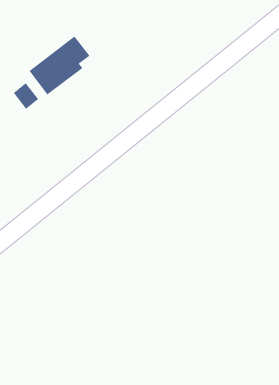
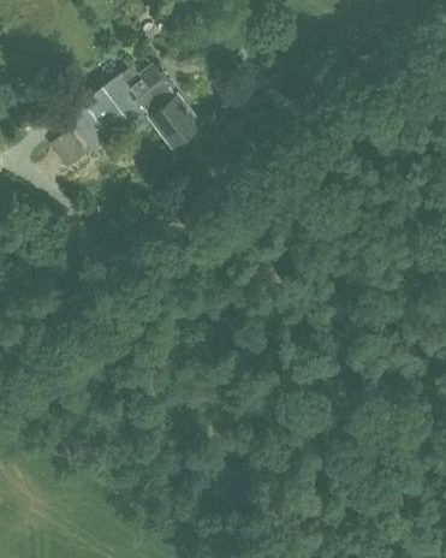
building: none -> [138,63,201,148]

